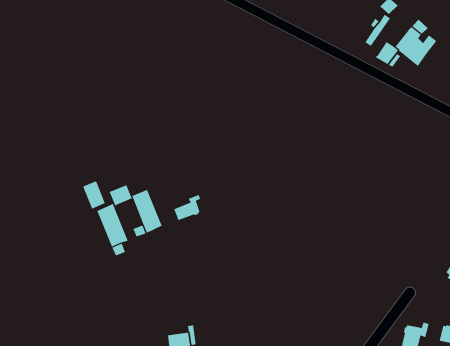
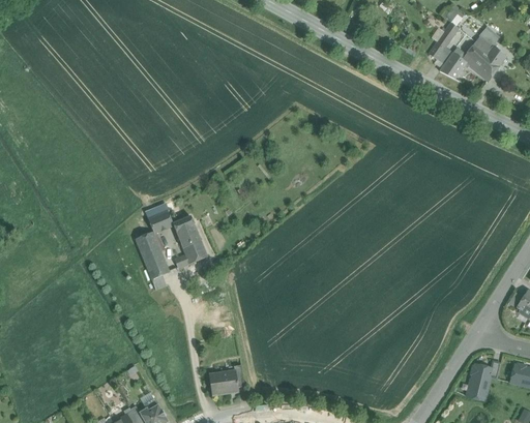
building: none -> [426,28,476,68]
building: [82,181,106,210] -> none
building: [174,194,201,221] -> none

